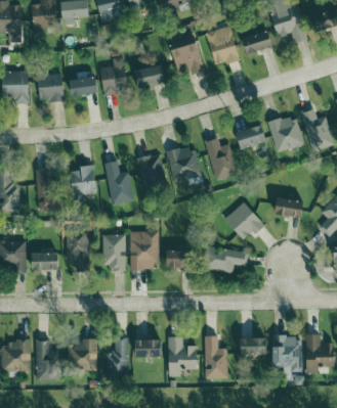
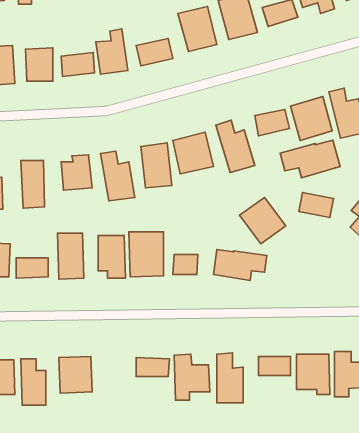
building: none -> [280,140,340,178]
building: [104,337,128,379] -> none

